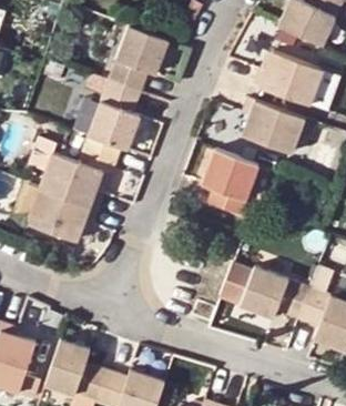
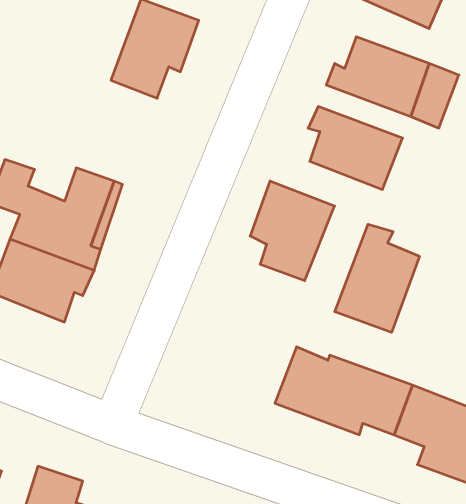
building: [88,82,139,151] -> none
building: none -> [335,224,419,332]

